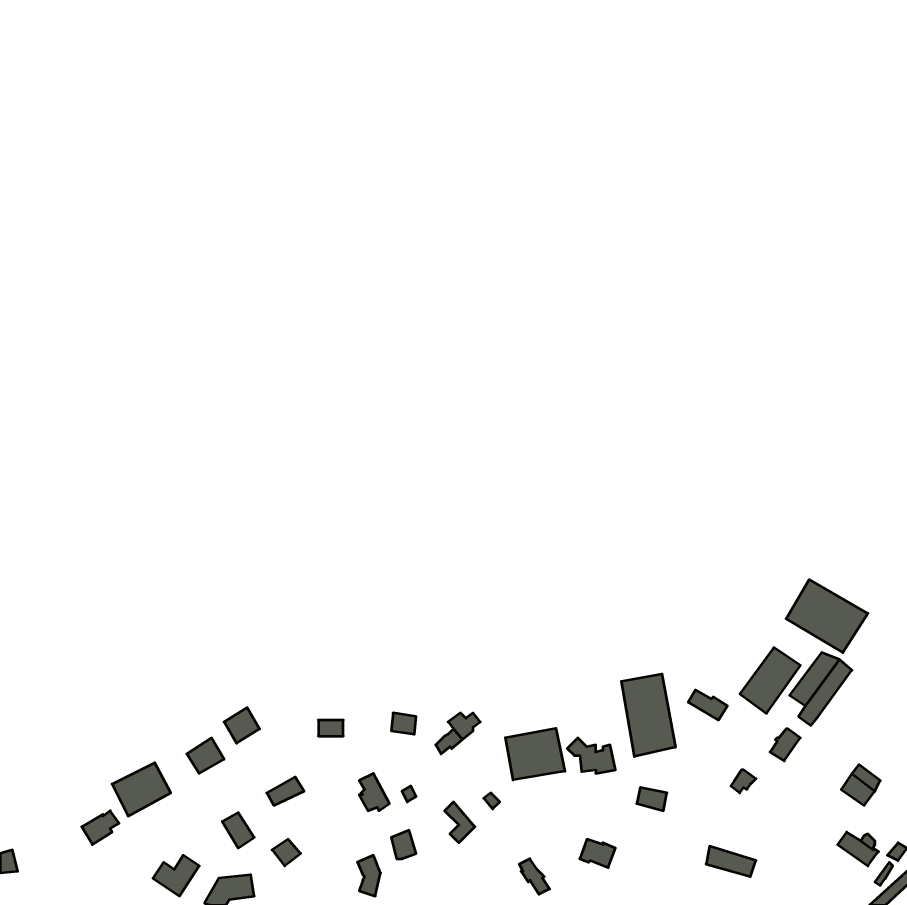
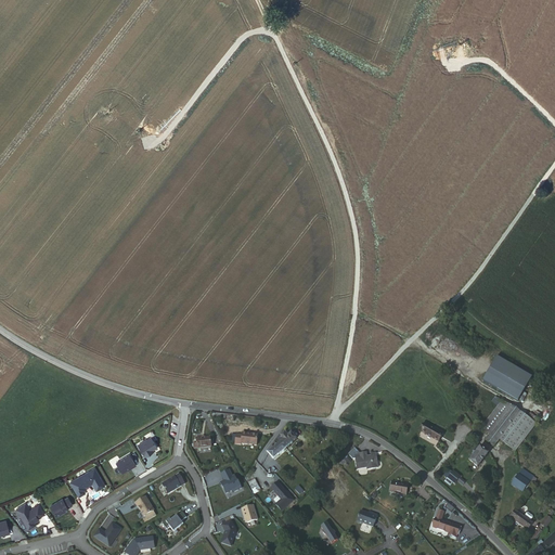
building: [740,648,800,713] -> [500,409,537,449]
building: [621,674,675,757] -> none
building: [505,728,565,780] -> none
building: none -> [17,501,49,526]

